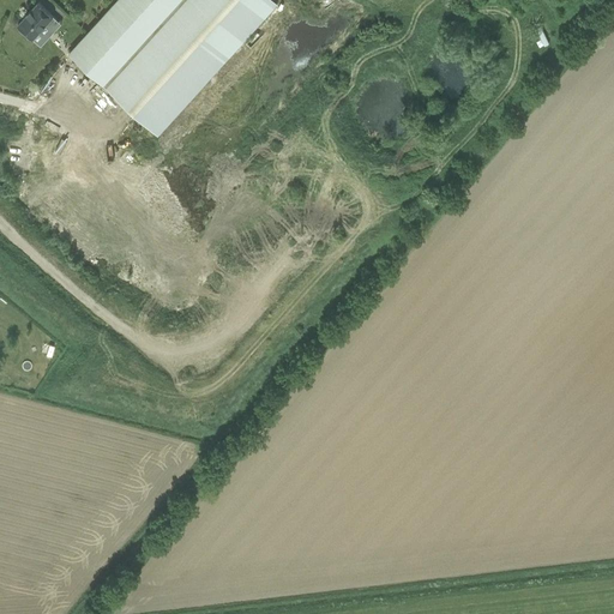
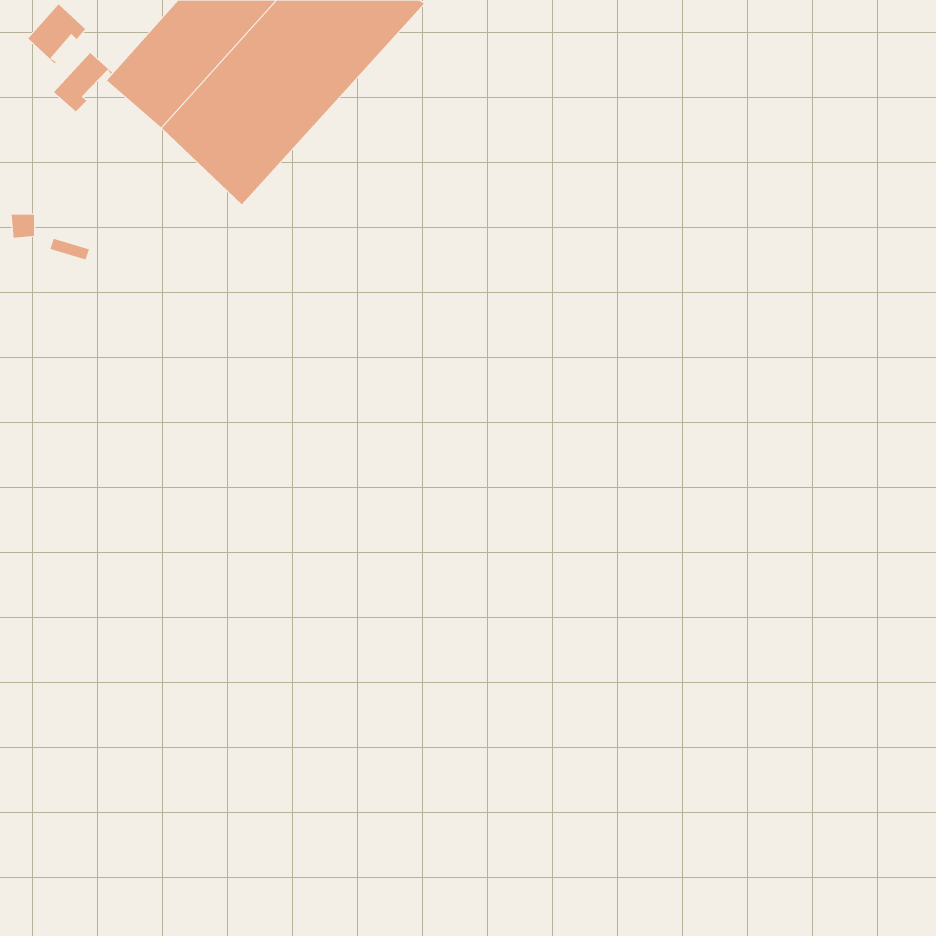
building: none -> [53,52,113,112]

